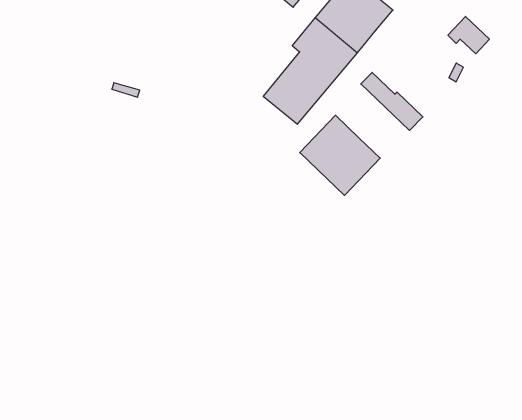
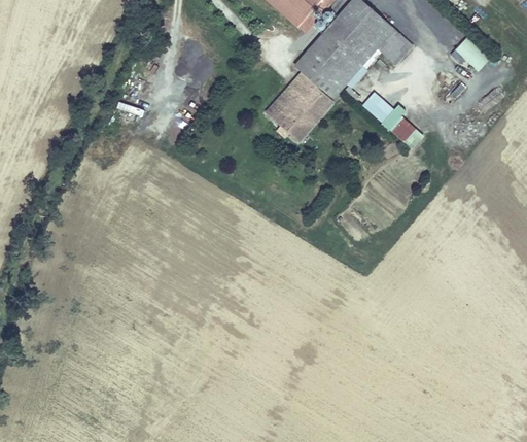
building: none -> [380,29,416,64]
building: [300,115,380,195] -> none

